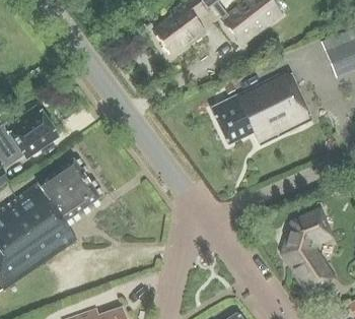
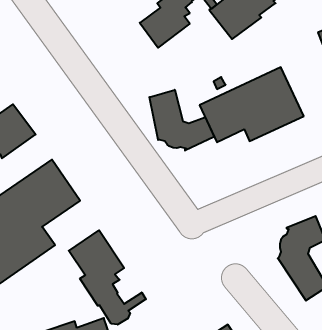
building: none -> [149,90,214,151]
building: none -> [69,230,146,325]

